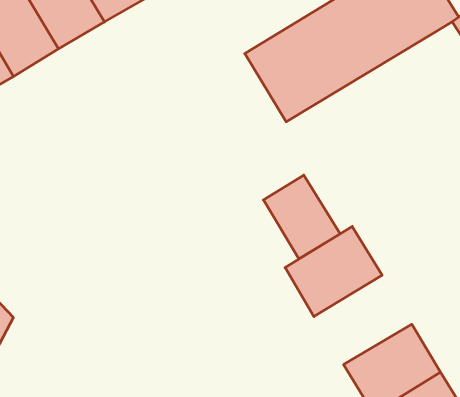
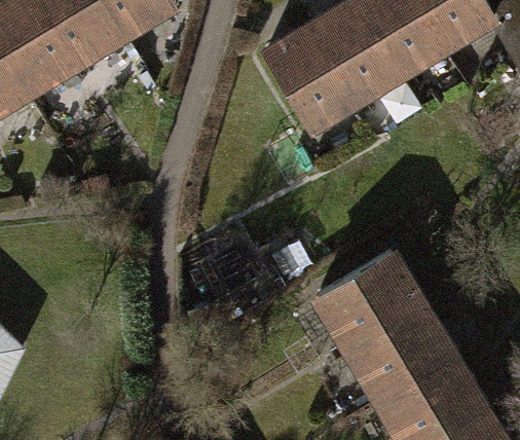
building: [263,175,340,259] -> none
building: none -> [343,300,448,396]

